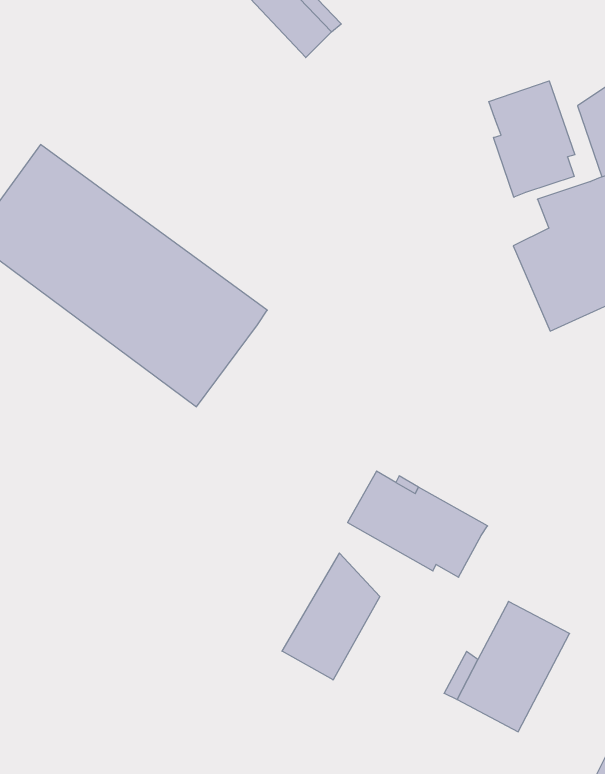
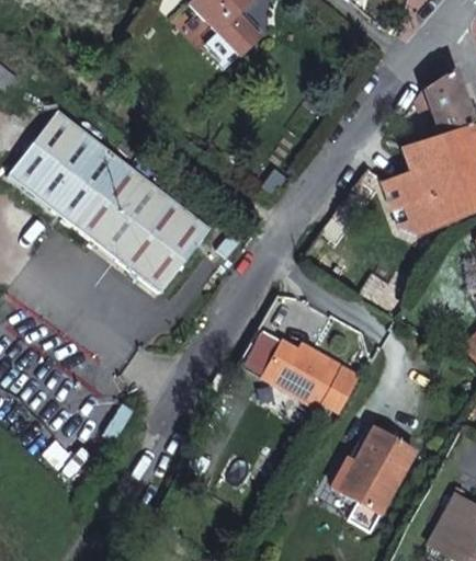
building: [489,81,575,197] -> none
building: none -> [242,323,286,371]
building: [282,553,380,680] -> none

